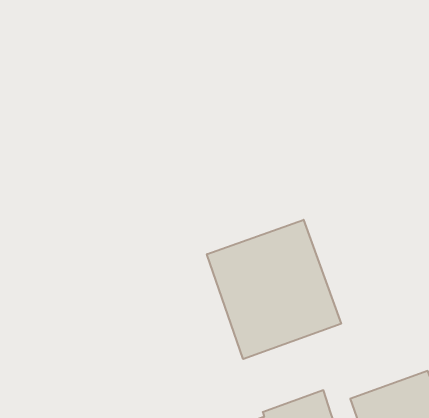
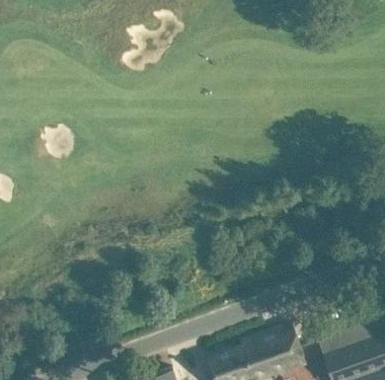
building: [207,220,341,359] -> none

